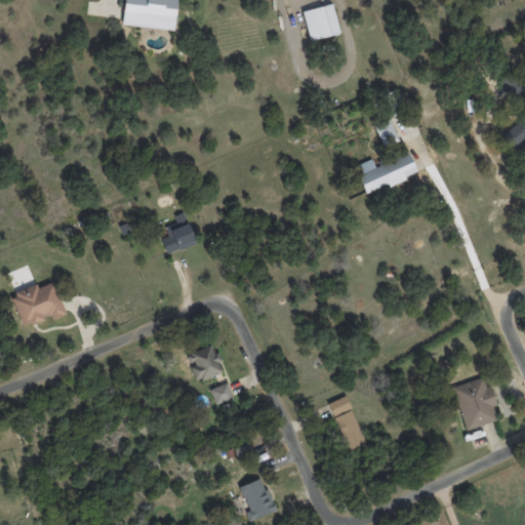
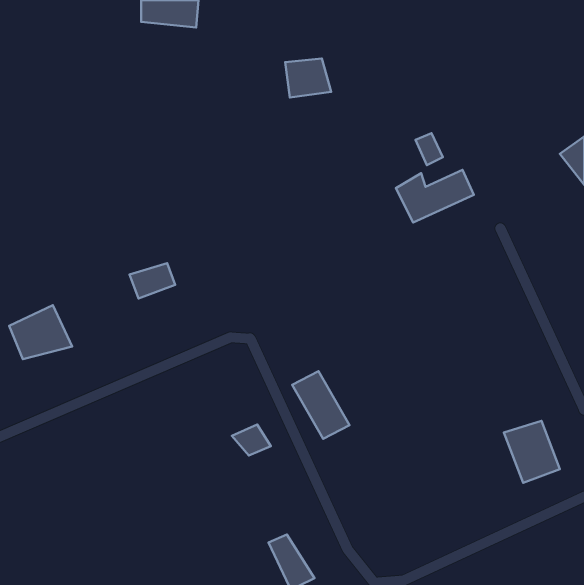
building: [301,5,342,40] -> [285,59,331,98]
building: [158,223,199,254] -> [129,263,175,299]
building: [184,345,221,376] -> none
building: [321,396,372,456] -> [292,371,350,439]

